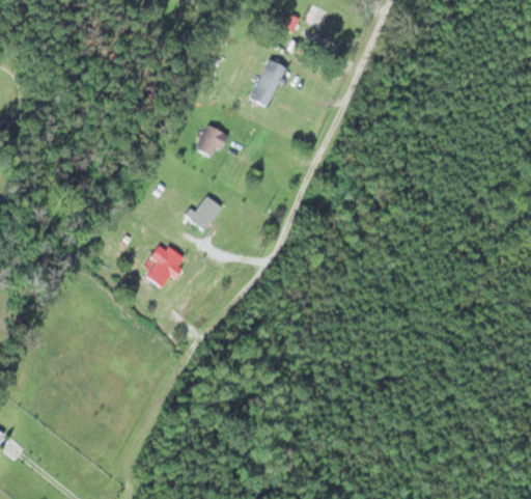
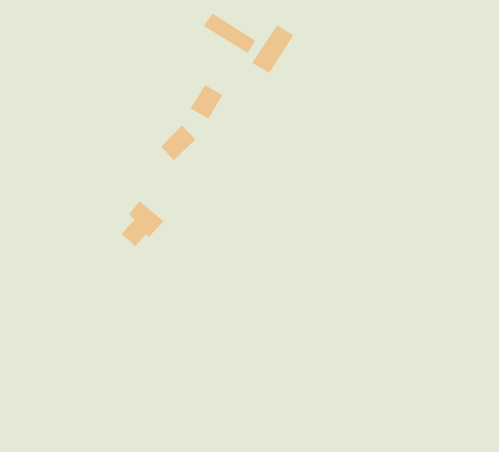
building: none -> [203,12,256,54]
building: [189,195,222,230] -> [160,124,196,161]

